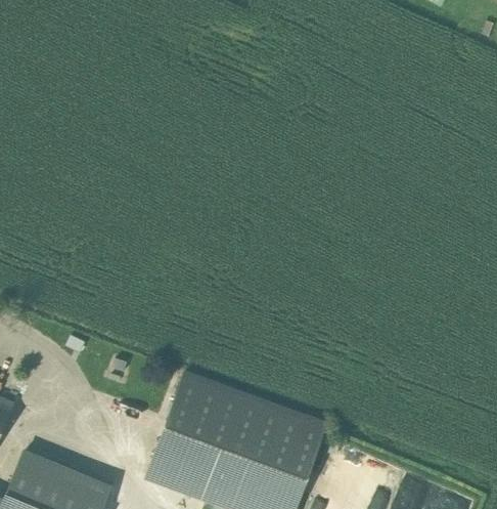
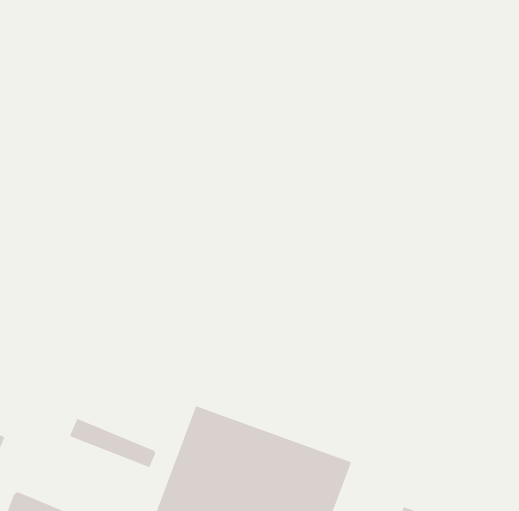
building: none -> [69,418,156,468]

